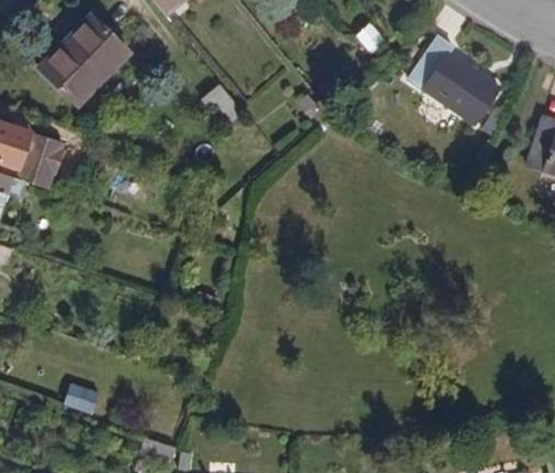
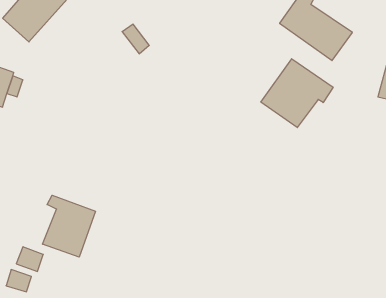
building: none -> [261,59,333,128]
building: none -> [43,195,96,257]

